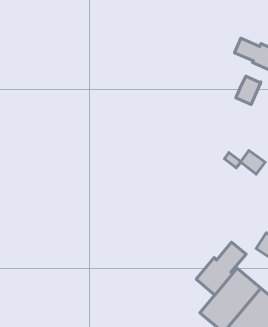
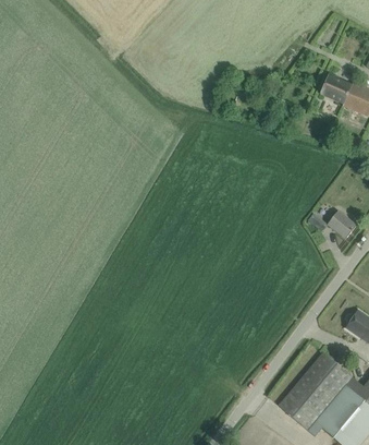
building: [236,76,261,104] -> none
building: [196,242,246,295] -> none

